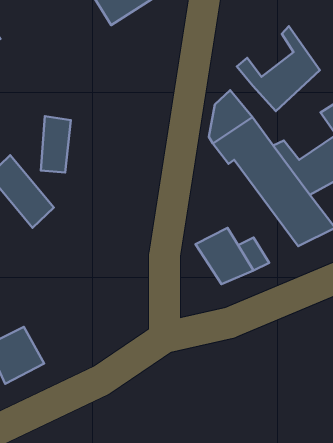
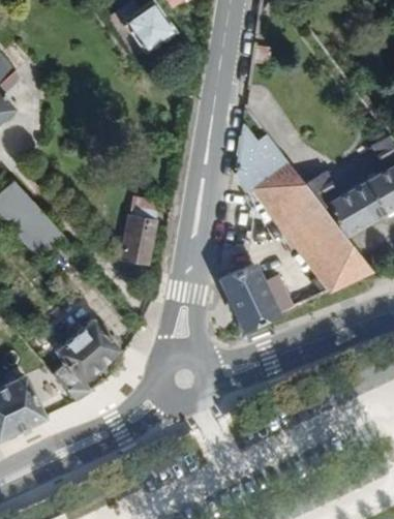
building: [237,26,320,111] -> none
building: [41,116,71,172] -> [121,211,153,271]
building: none -> [49,327,123,406]

